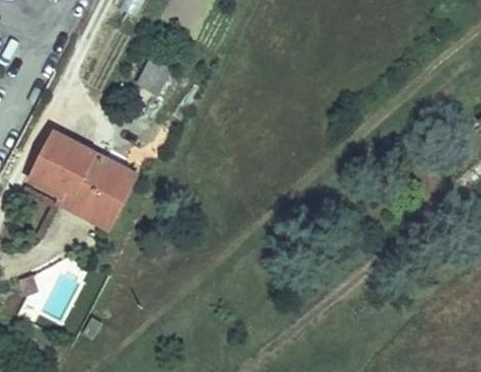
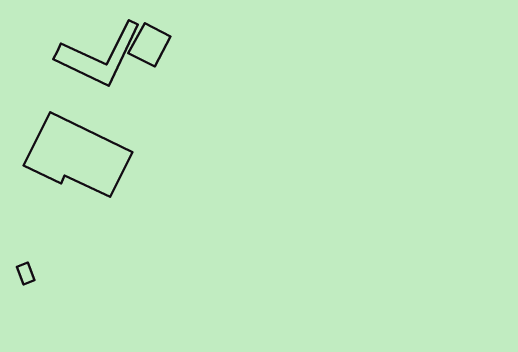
building: [60,168,137,228] -> [53,20,138,86]

